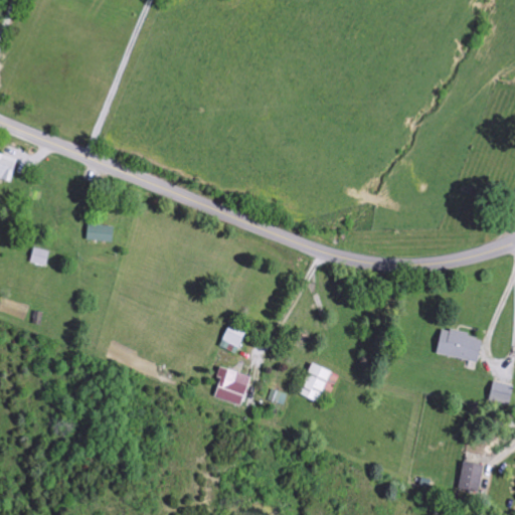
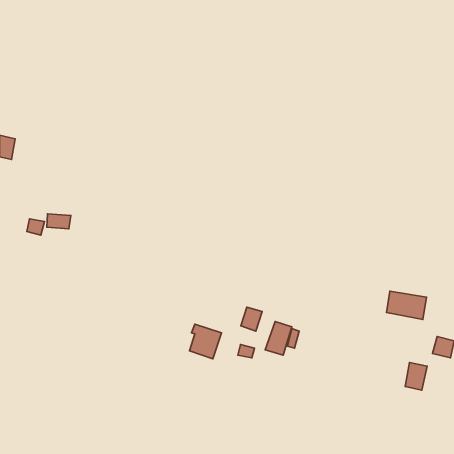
building: [87,224,114,241] -> [47,214,71,229]
building: [220,326,244,353] -> [241,307,262,331]
building: [458,460,483,491] -> [405,362,427,390]

